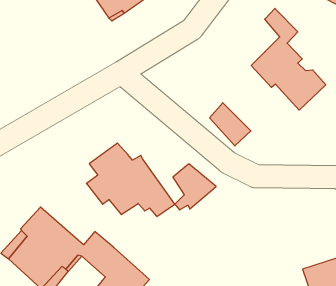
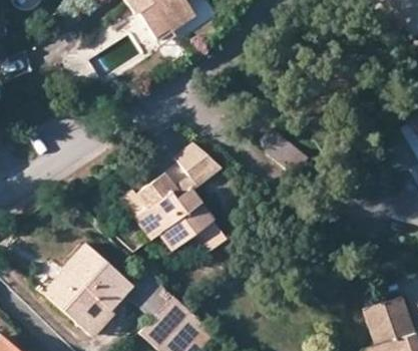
building: [251,8,326,110] -> none
building: [173,164,216,210] -> [175,142,222,192]

